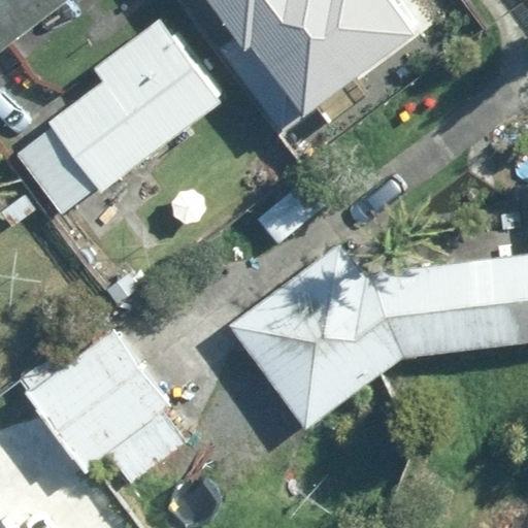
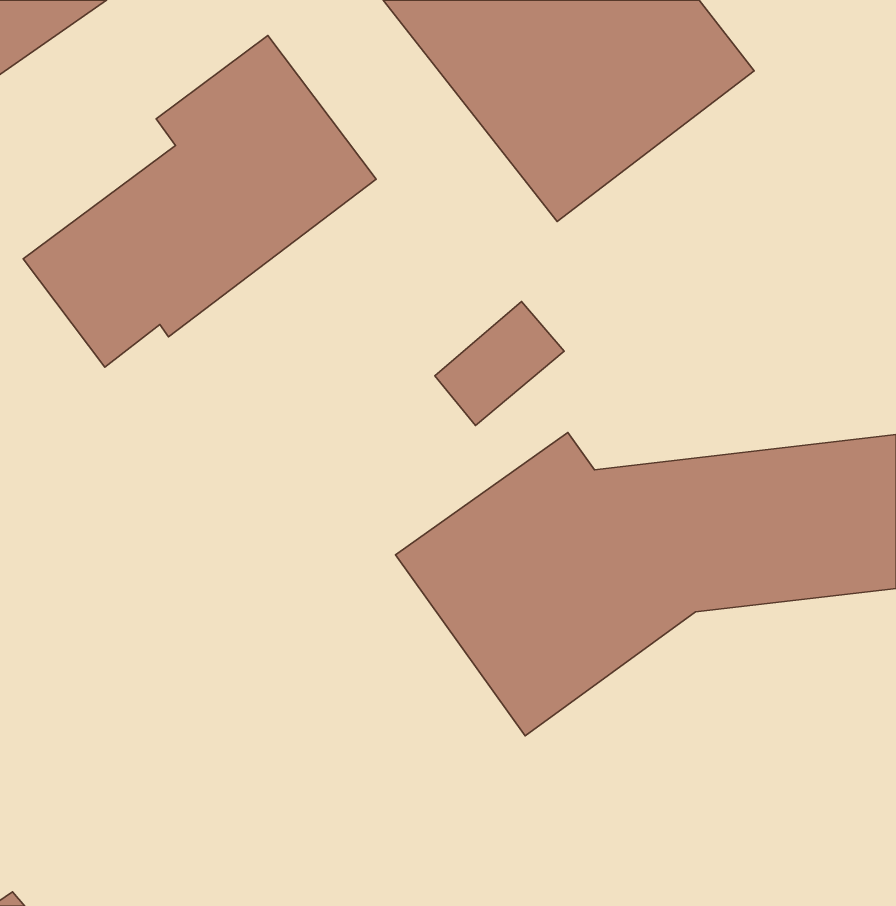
building: [20,324,182,484] -> none

